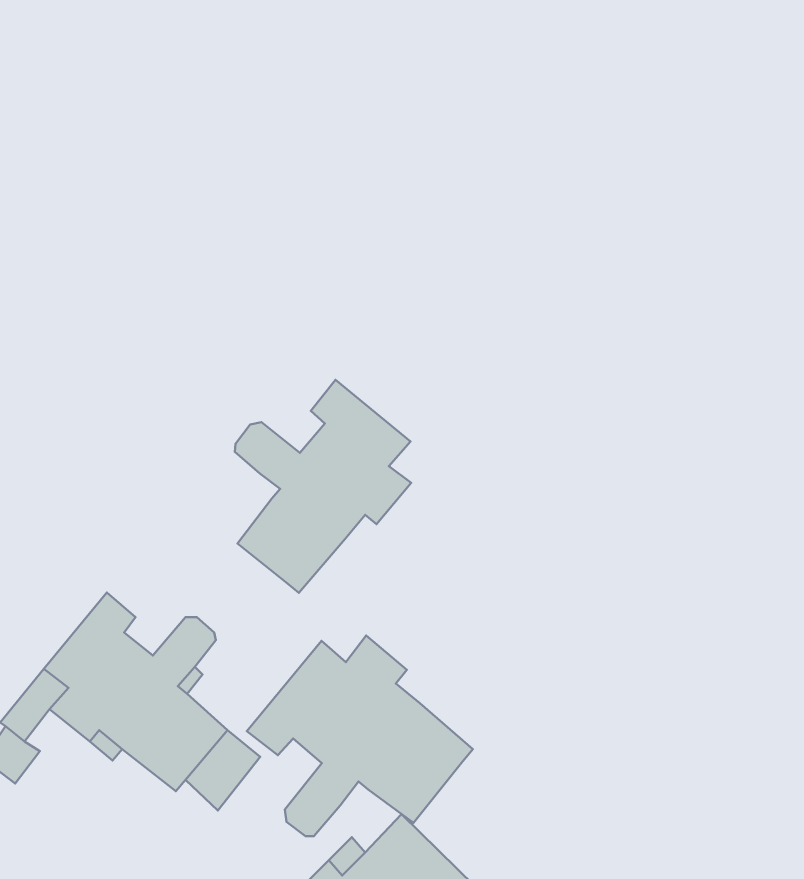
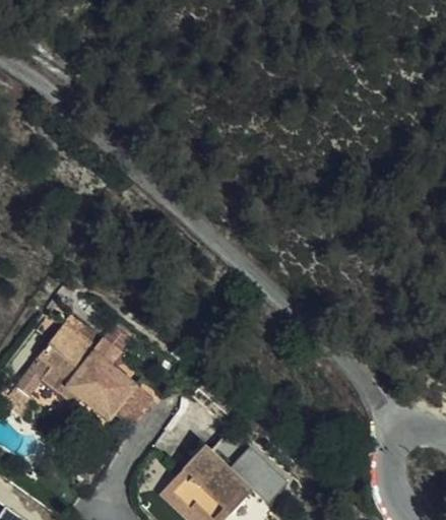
building: [235,380,411,593] -> none
building: [247,635,473,836] -> none

